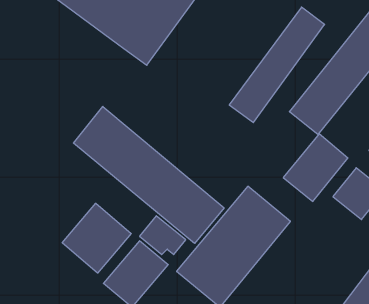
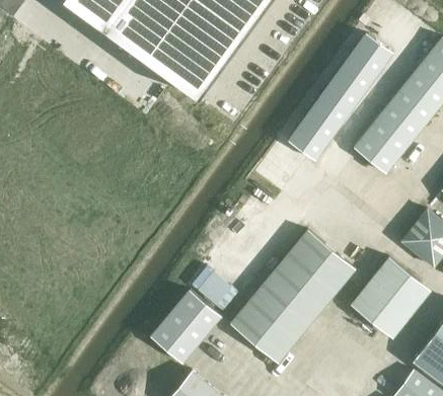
building: [73,106,224,243] -> none
building: [283,134,348,201] -> [350,257,421,331]
building: [62,203,131,273] -> none

